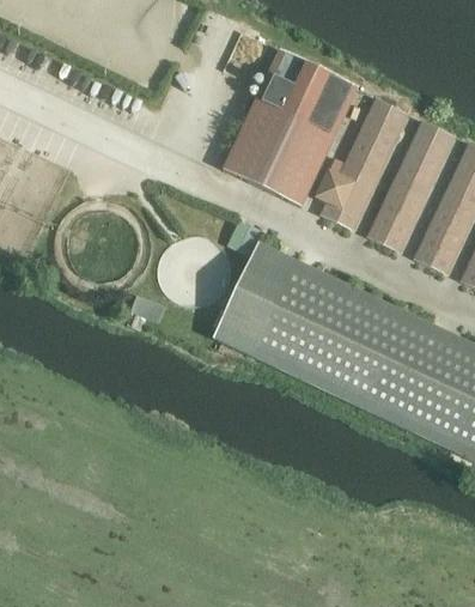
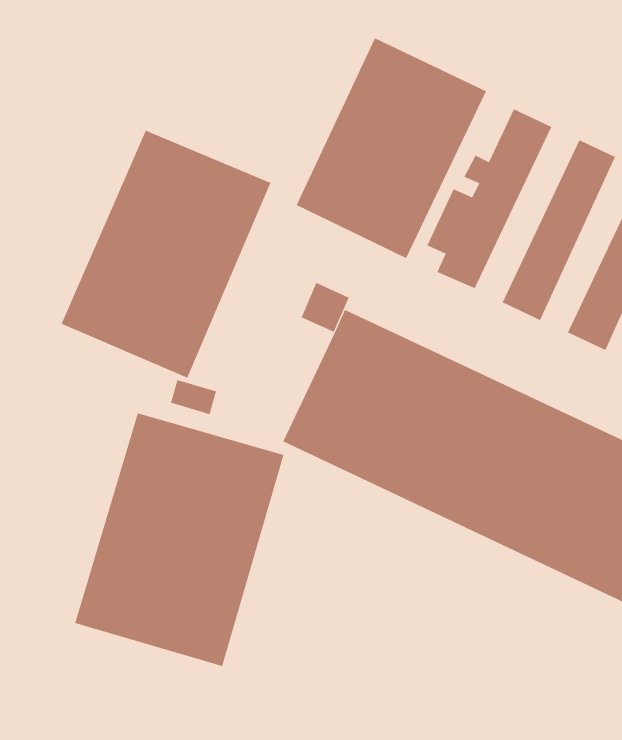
building: none -> [61,130,271,378]
building: none -> [75,413,284,667]

